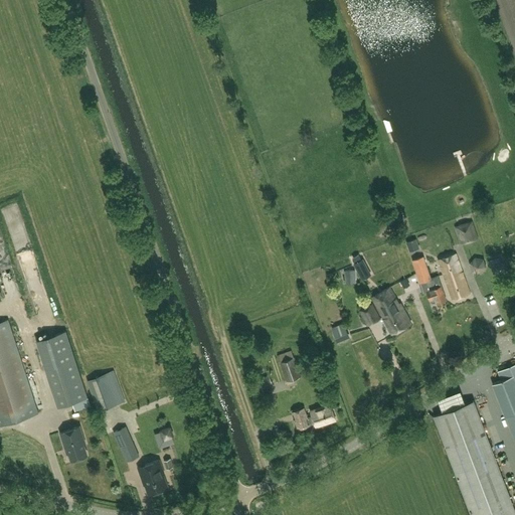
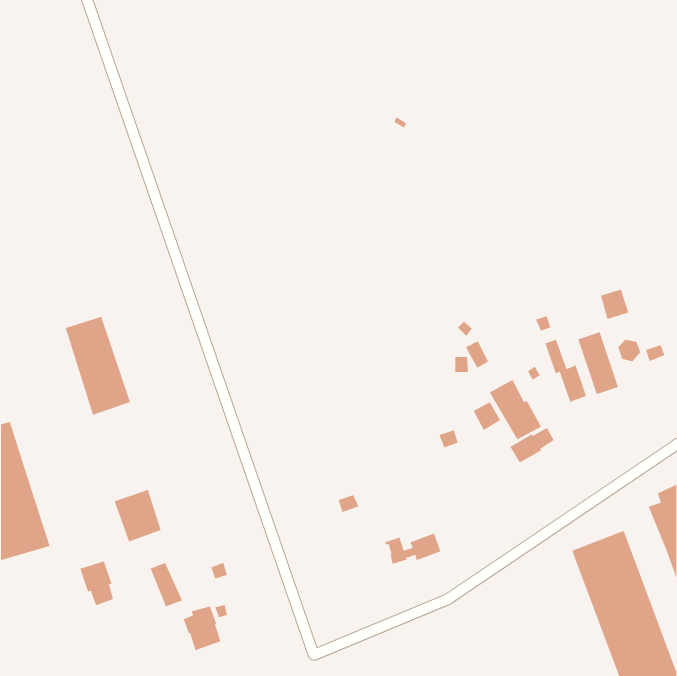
building: none -> [509,427,554,464]
building: [37,332,88,407] -> [65,316,131,415]
building: [280,352,301,381] -> none

